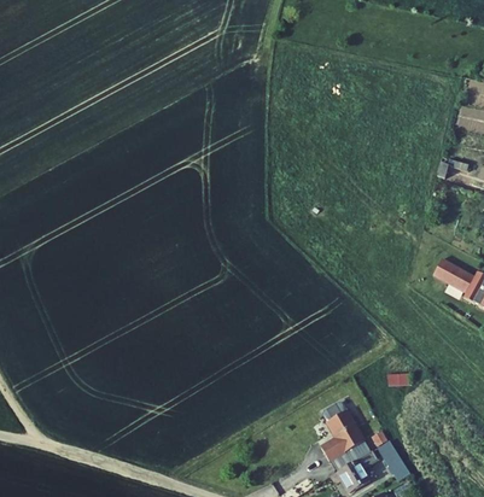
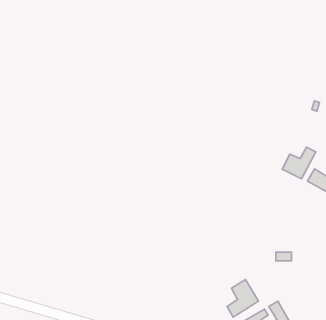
building: none -> [282,147,316,179]

